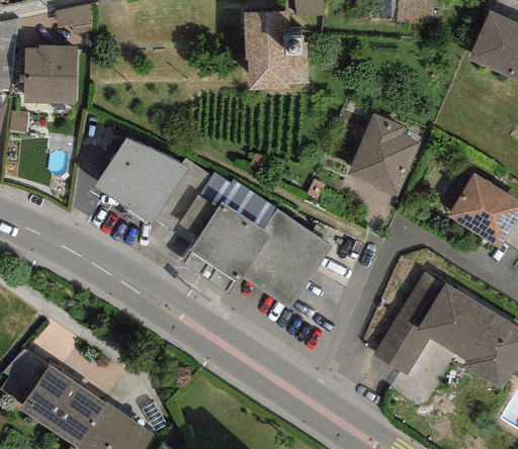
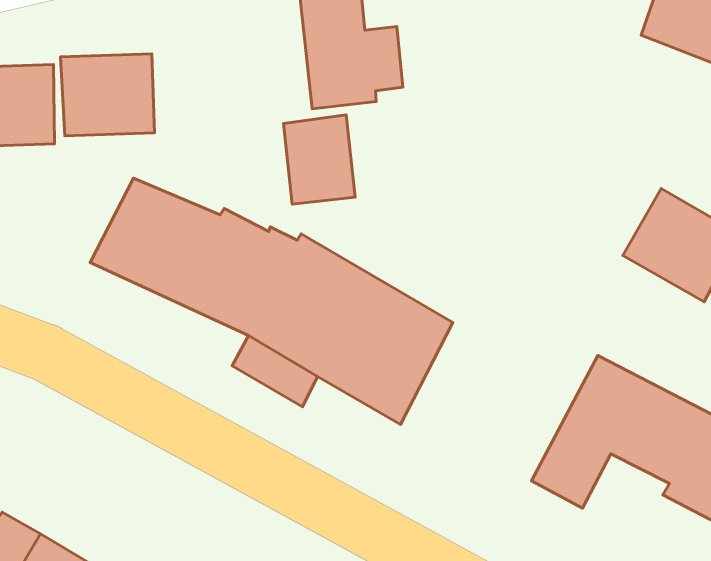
building: none -> [60,54,155,136]
building: none -> [283,115,355,204]
building: [348,104,422,186] -> none

